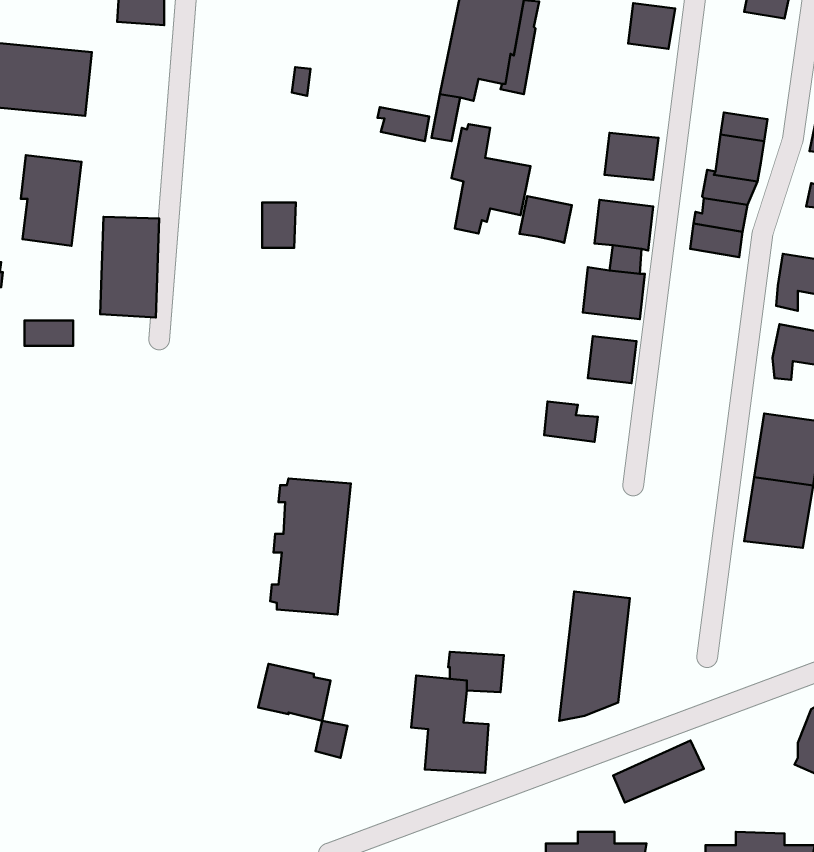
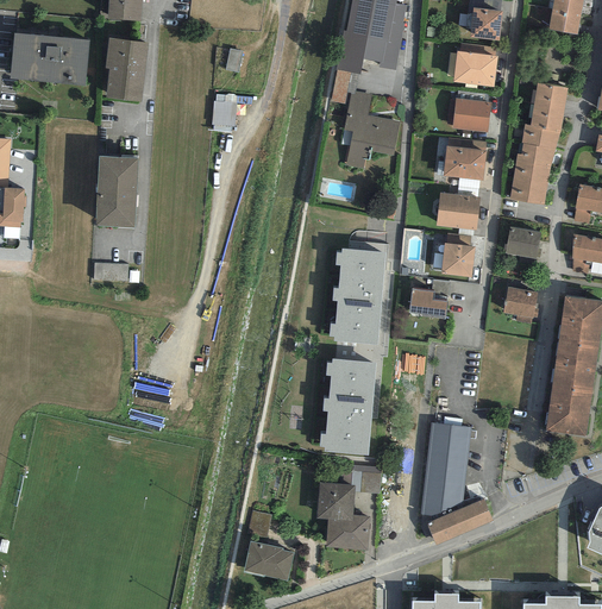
building: none -> [548,12,579,34]
building: none -> [453,50,497,86]
building: [377,107,429,141] -> none
building: [21,155,81,246] -> [105,38,148,102]
building: [519,196,572,243] -> none
building: [262,202,296,248] -> [212,93,236,125]
building: none -> [509,180,547,206]
building: none -> [507,227,541,265]
building: [24,321,73,346] -> [93,262,127,280]
building: none -> [328,249,385,346]
building: none -> [503,287,538,324]
building: [270,479,351,615] -> [319,359,376,456]
building: none -> [545,387,592,438]
building: [258,664,331,721] -> [243,541,294,582]
building: [613,740,704,803] -> [428,497,493,541]

